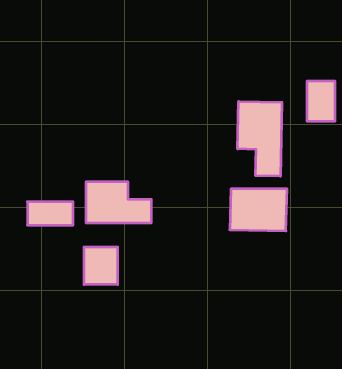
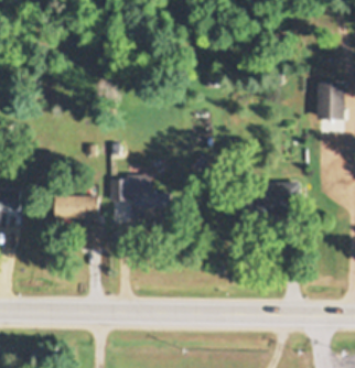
building: [238,101,282,176] -> none
building: [84,247,118,285] -> none

